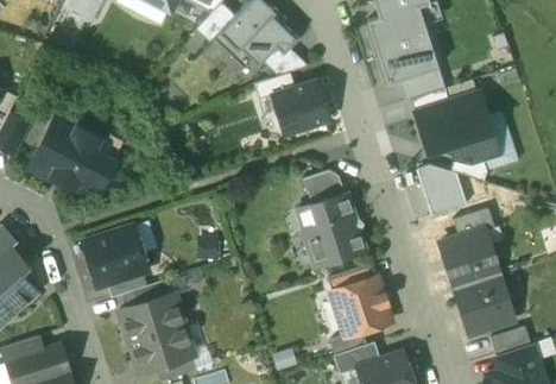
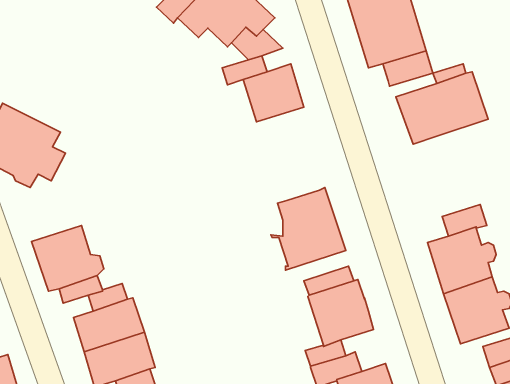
building: [448,131,500,165] -> none
building: [417,166,467,215] -> none
building: [302,170,342,204] -> none

